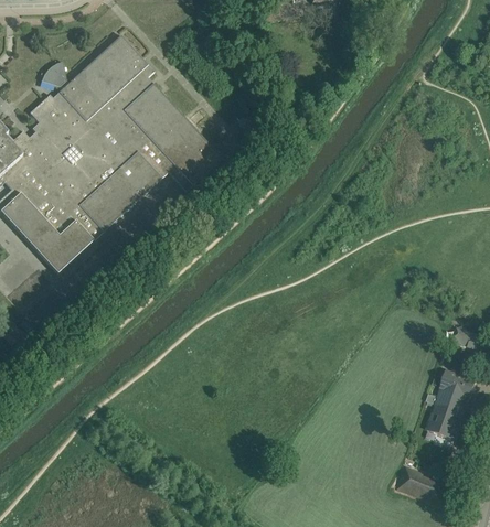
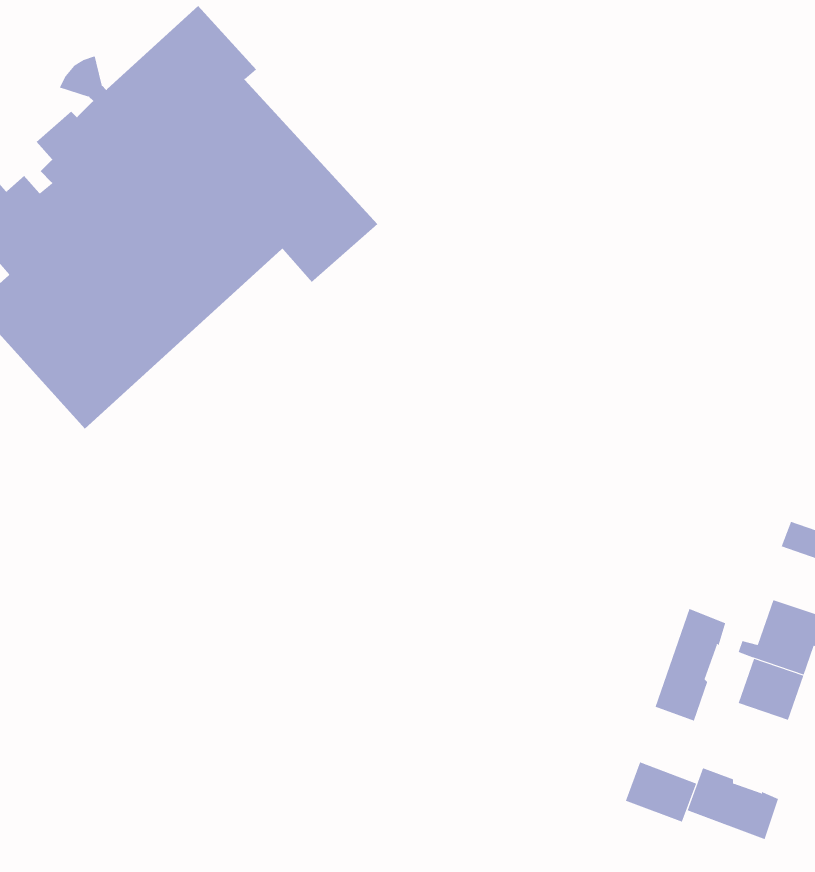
building: none -> [655,608,726,721]
building: none -> [625,762,697,823]

